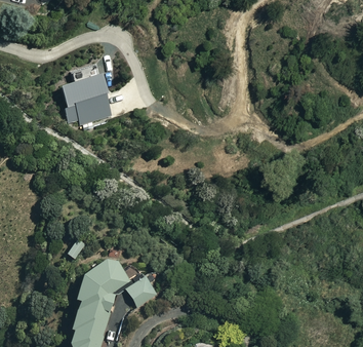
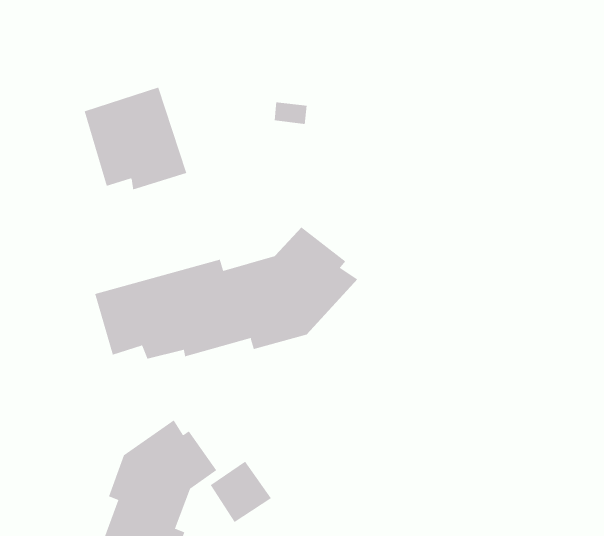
building: none -> [94,226,358,359]

